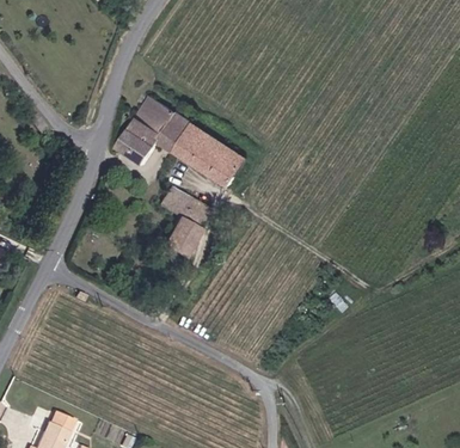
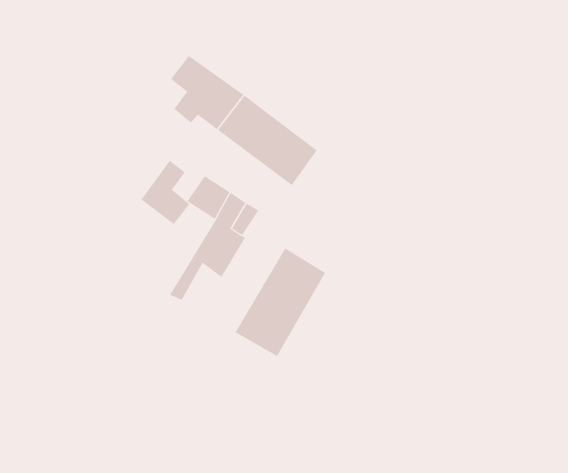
building: [118,116,154,162] -> [141,160,190,225]
building: none -> [235,247,326,357]

